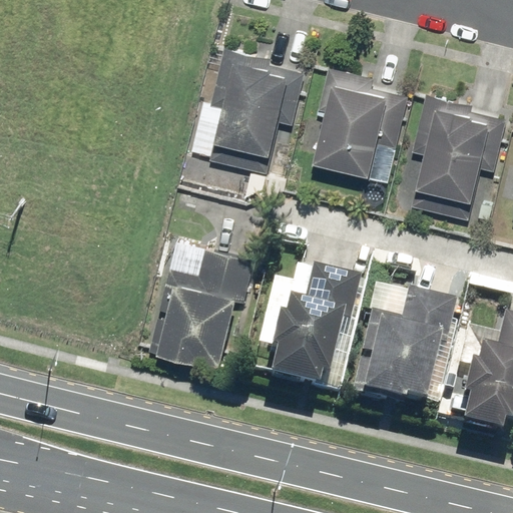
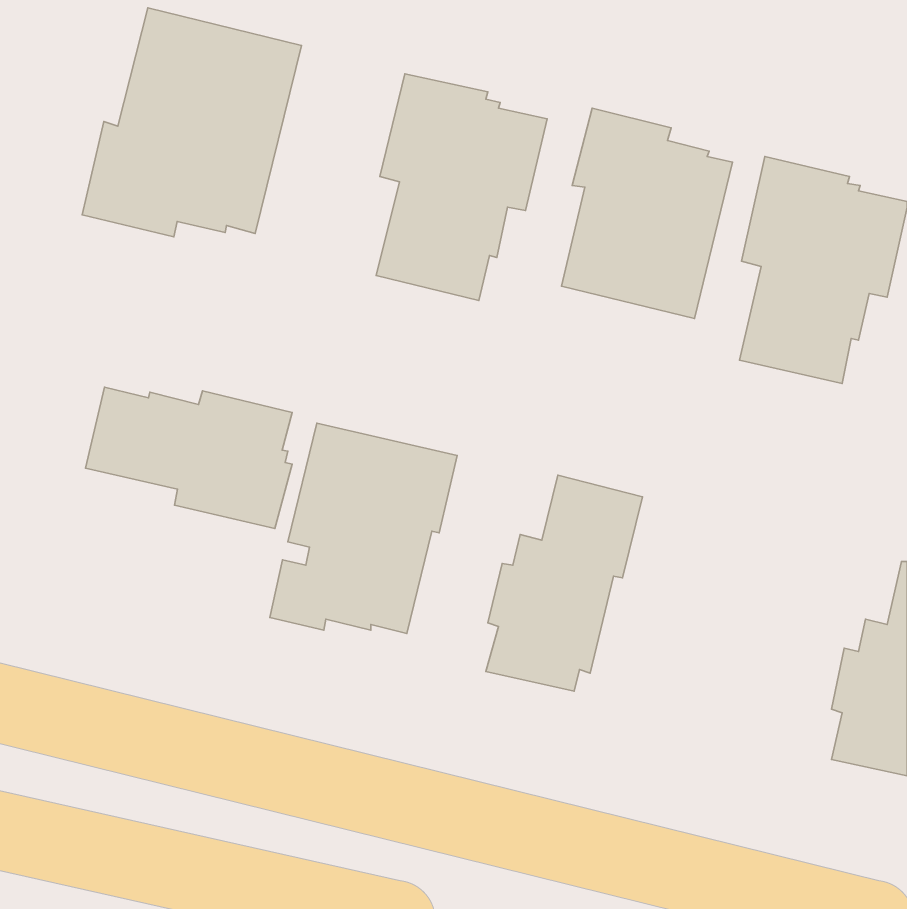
building: none -> [82,8,302,237]
building: none -> [86,387,292,528]
building: [350,296,454,412] -> none

